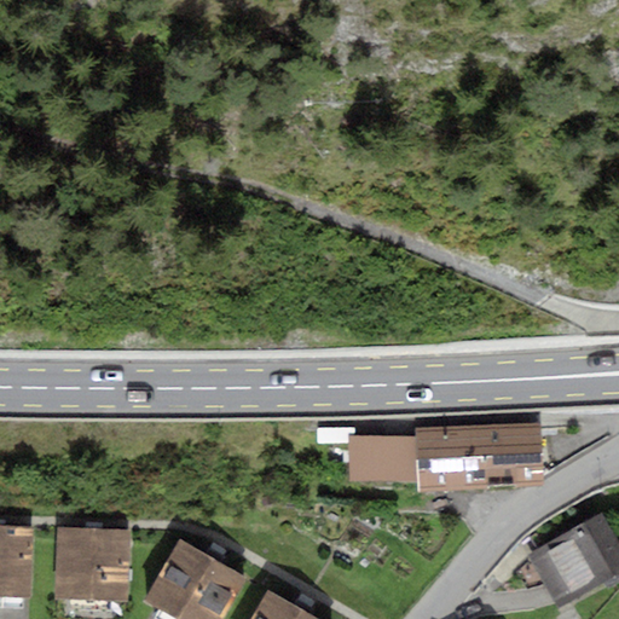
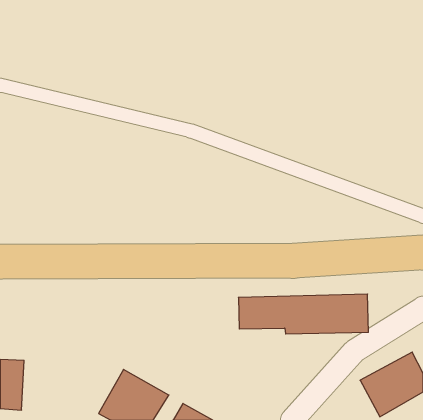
building: [57,527,132,602] -> none

